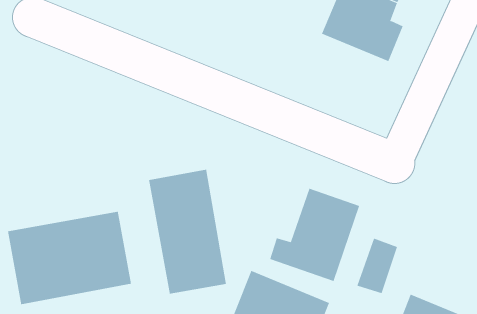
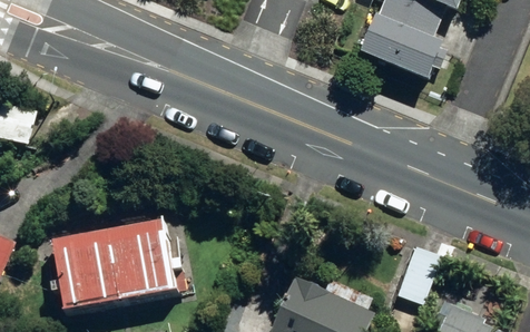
building: [149,169,227,295] -> none
building: [270,188,360,282] -> none

